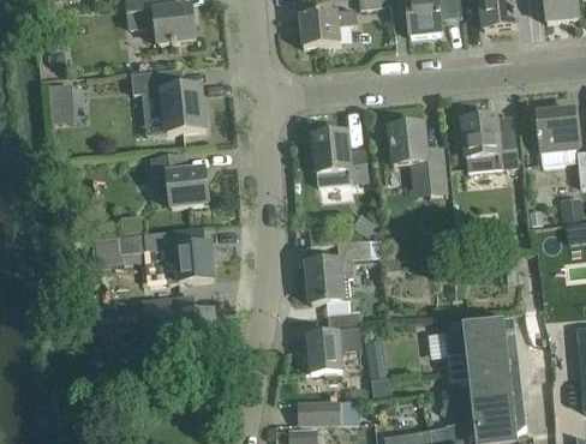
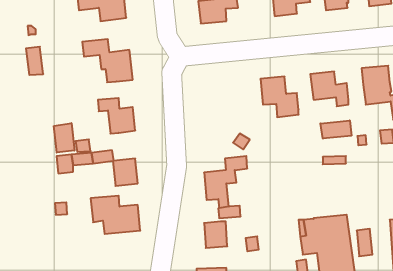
building: [312,131,367,184] -> none
building: none -> [320,120,351,139]
building: none -> [54,123,74,153]

